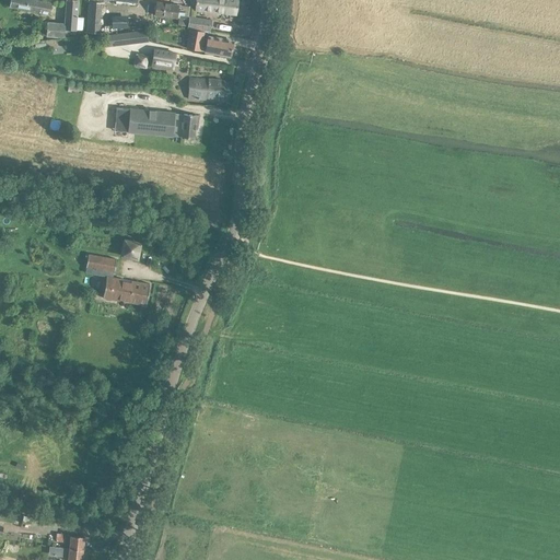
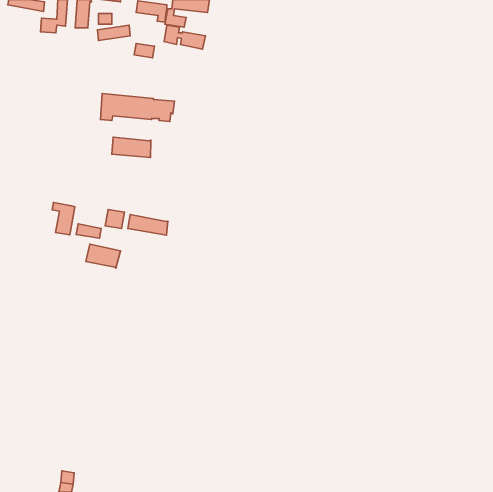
building: [187,78,232,102] -> none
building: none -> [112,137,151,157]
building: none -> [52,203,75,235]
building: none -> [128,215,168,235]

